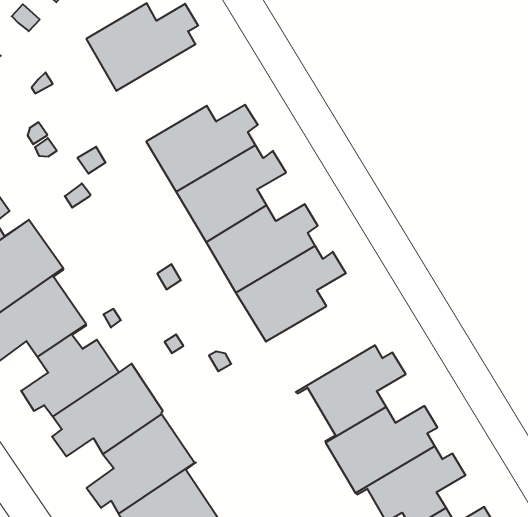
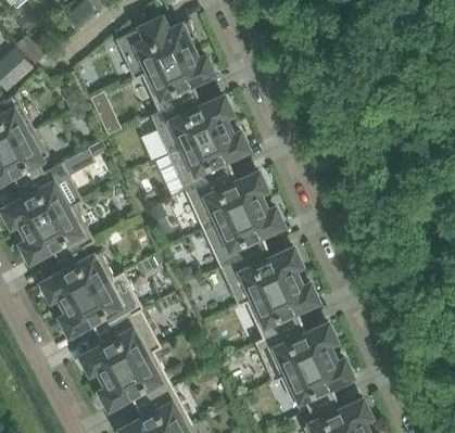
building: none -> [134,51,213,116]
building: none -> [220,246,301,305]

